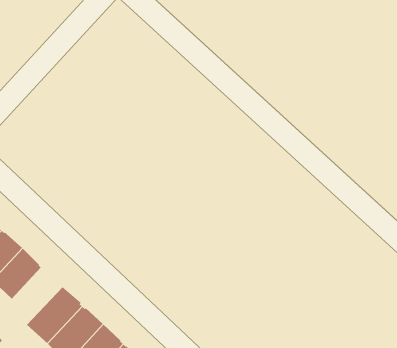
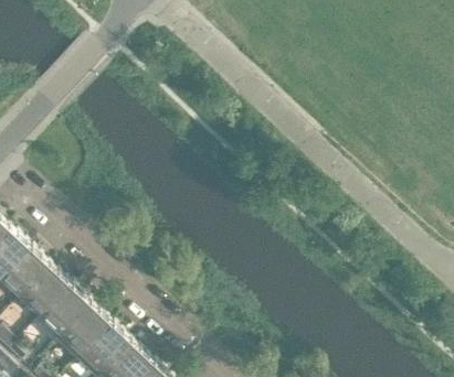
building: none -> [39,283,89,341]

